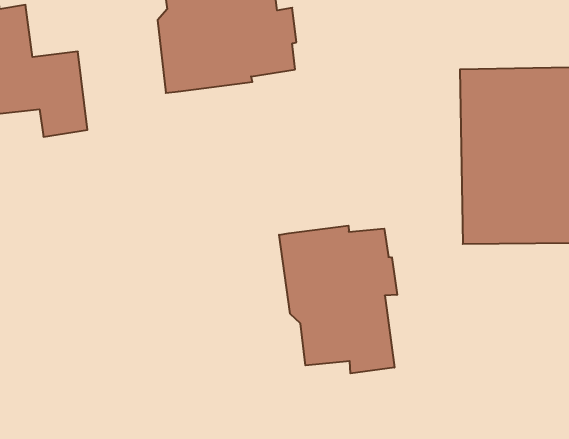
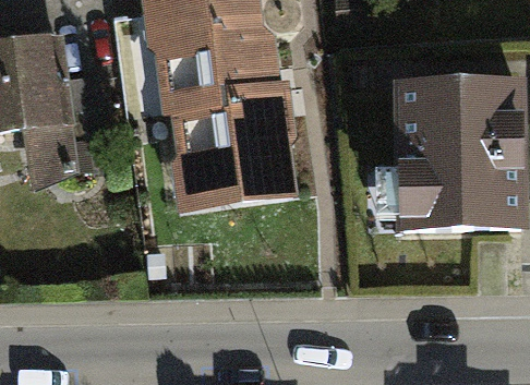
building: none -> [170,91,280,198]
building: [279,226,397,373] -> none

